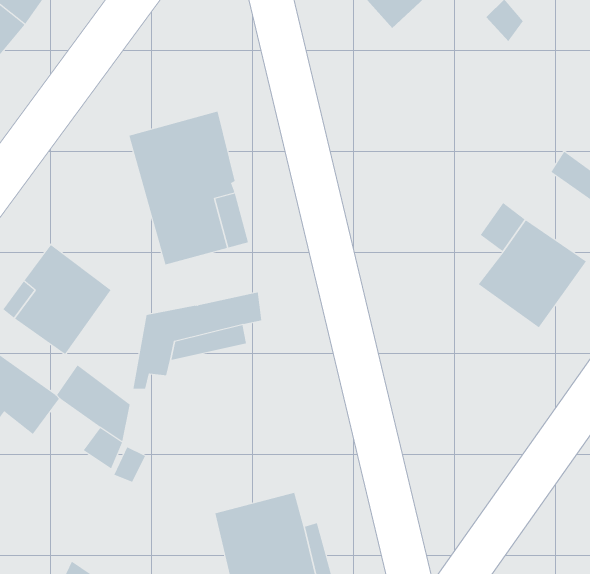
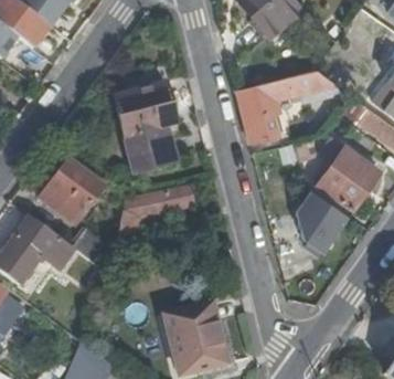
building: none -> [235,67,334,140]
building: none -> [296,194,344,251]

